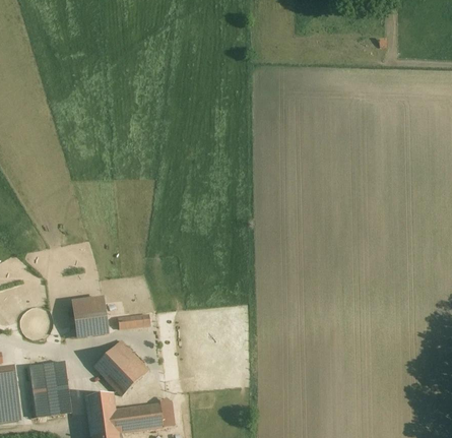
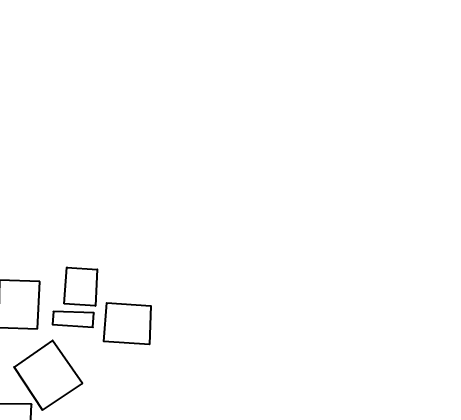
building: none -> [64,267,97,306]
building: none -> [104,303,151,344]

